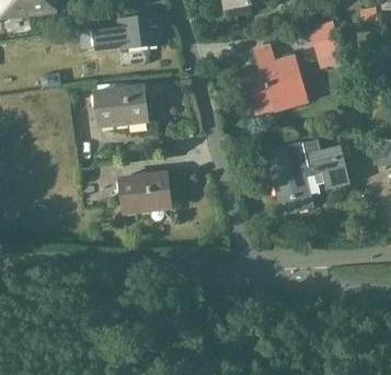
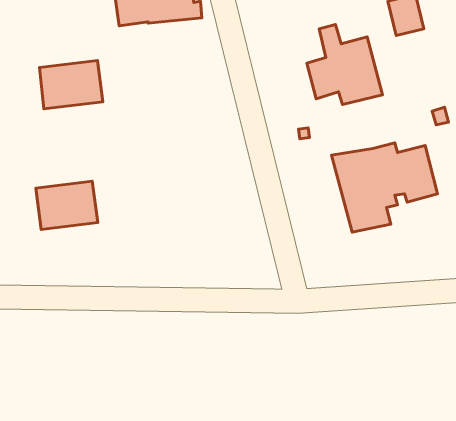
building: [96,87,147,125] -> [40,61,103,109]
building: [120,173,170,212] -> [36,181,98,229]

